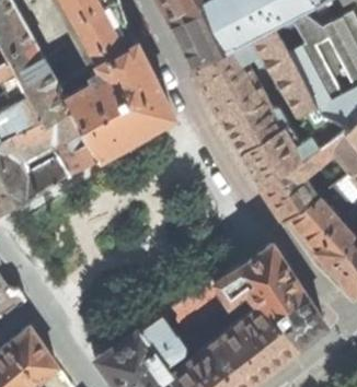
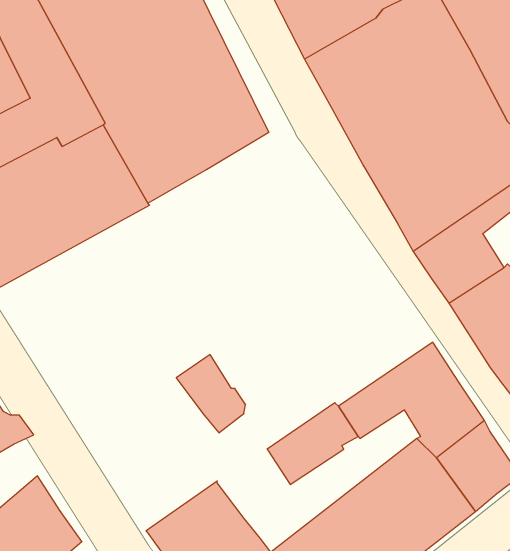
building: [140,317,183,365] -> [176,355,246,433]

